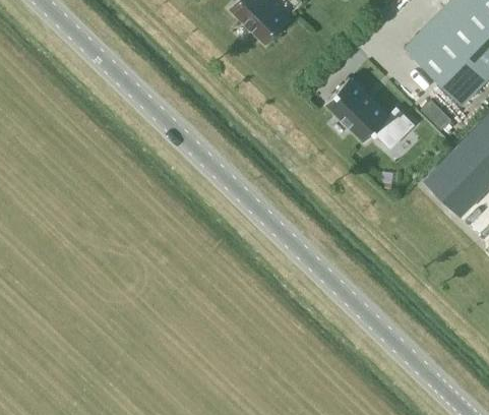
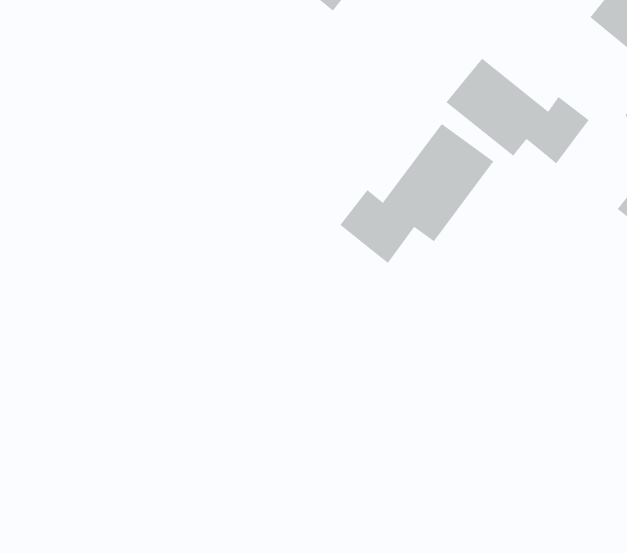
building: none -> [339,123,494,264]

